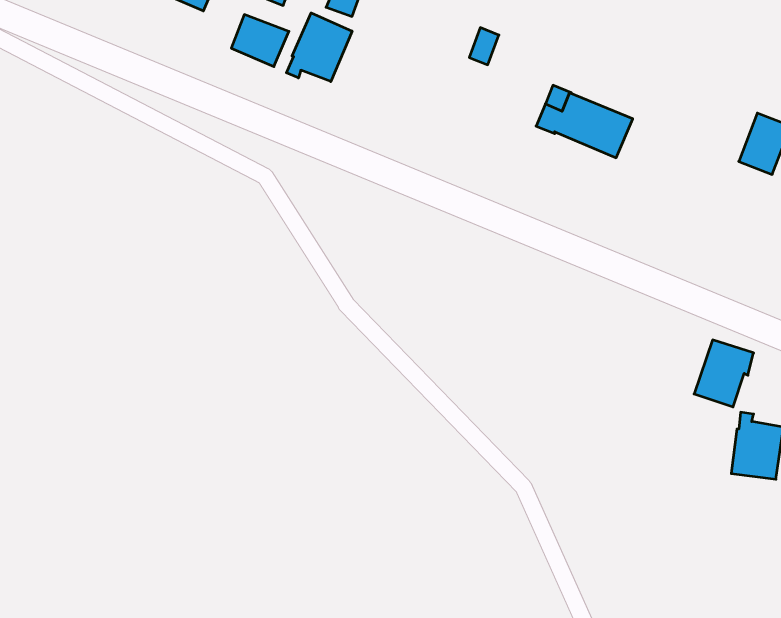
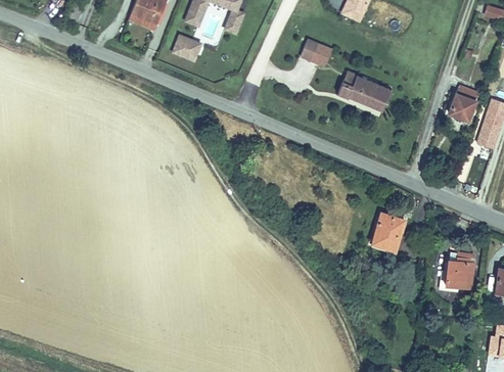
building: [286,13,352,82] -> none
building: [694,340,754,407] -> [372,214,405,250]

